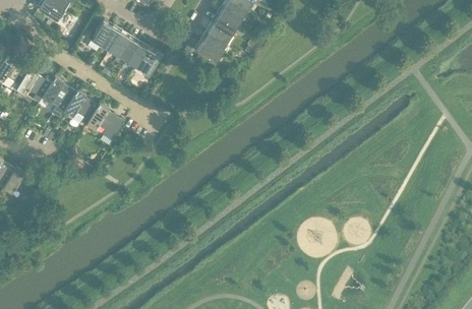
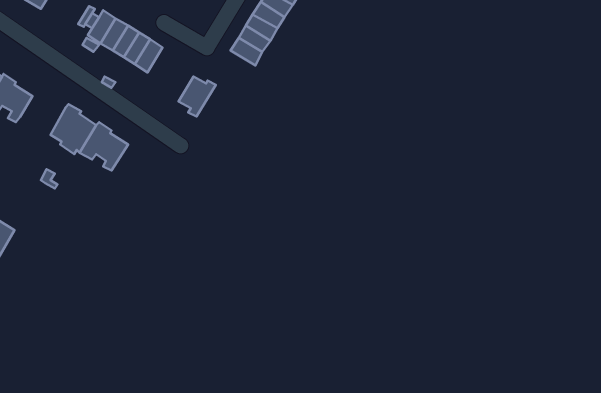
building: [134,49,162,78] -> [178,76,216,117]
building: [41,76,74,113] -> none

